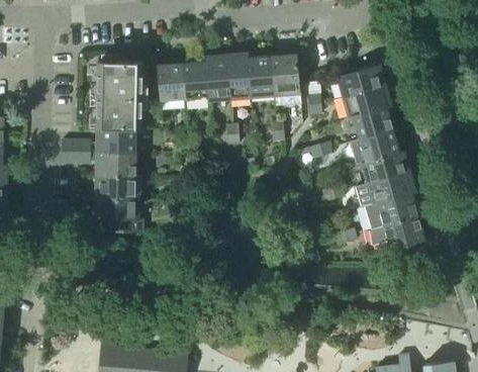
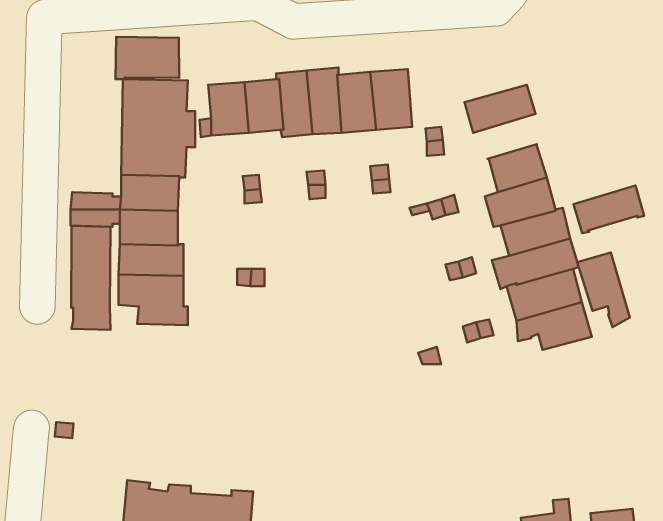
building: none -> [115,37,179,79]
building: [342,85,391,118] -> [573,185,644,233]
building: none -> [71,226,111,330]
building: none -> [577,252,630,327]

